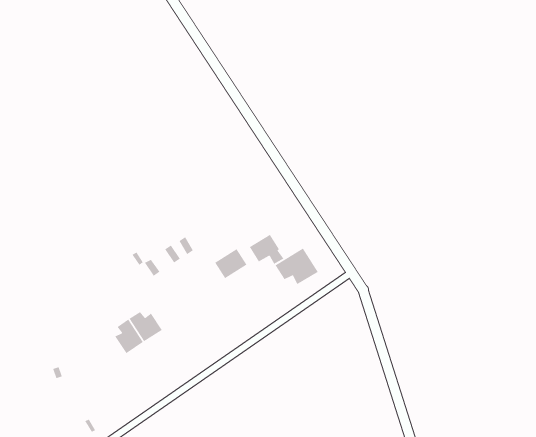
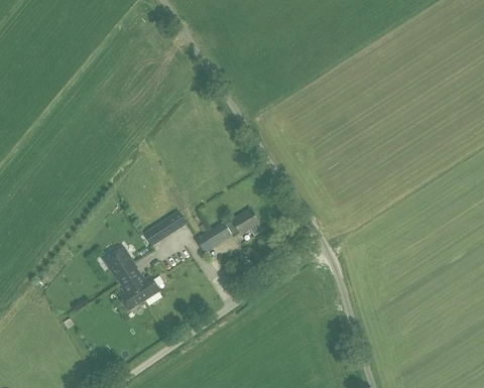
building: [274,247,319,285] -> none
building: none -> [103,247,136,281]

